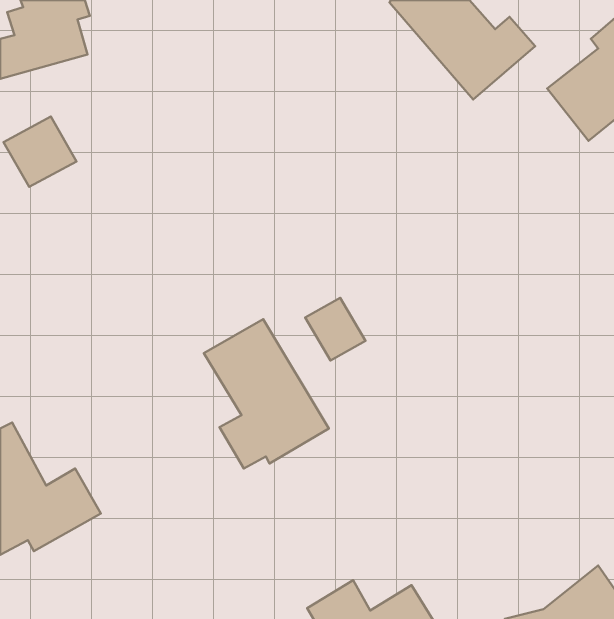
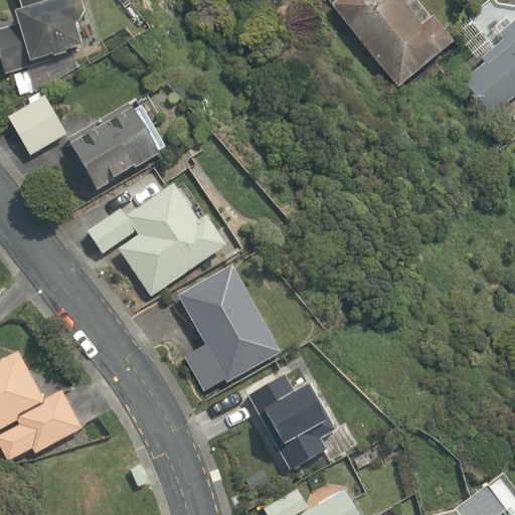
building: none -> [80,102,165,179]
building: none -> [87,185,228,296]
building: [305,298,366,360] -> none
building: none -> [262,382,339,470]

